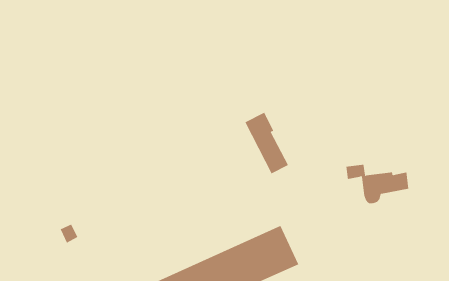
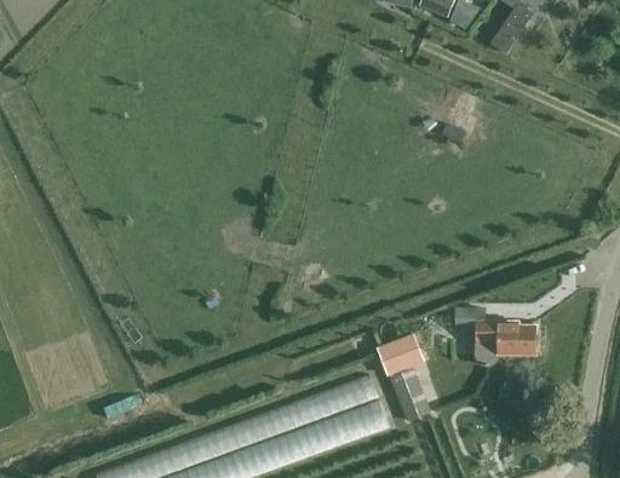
building: [245,111,289,174] -> [384,341,434,422]

